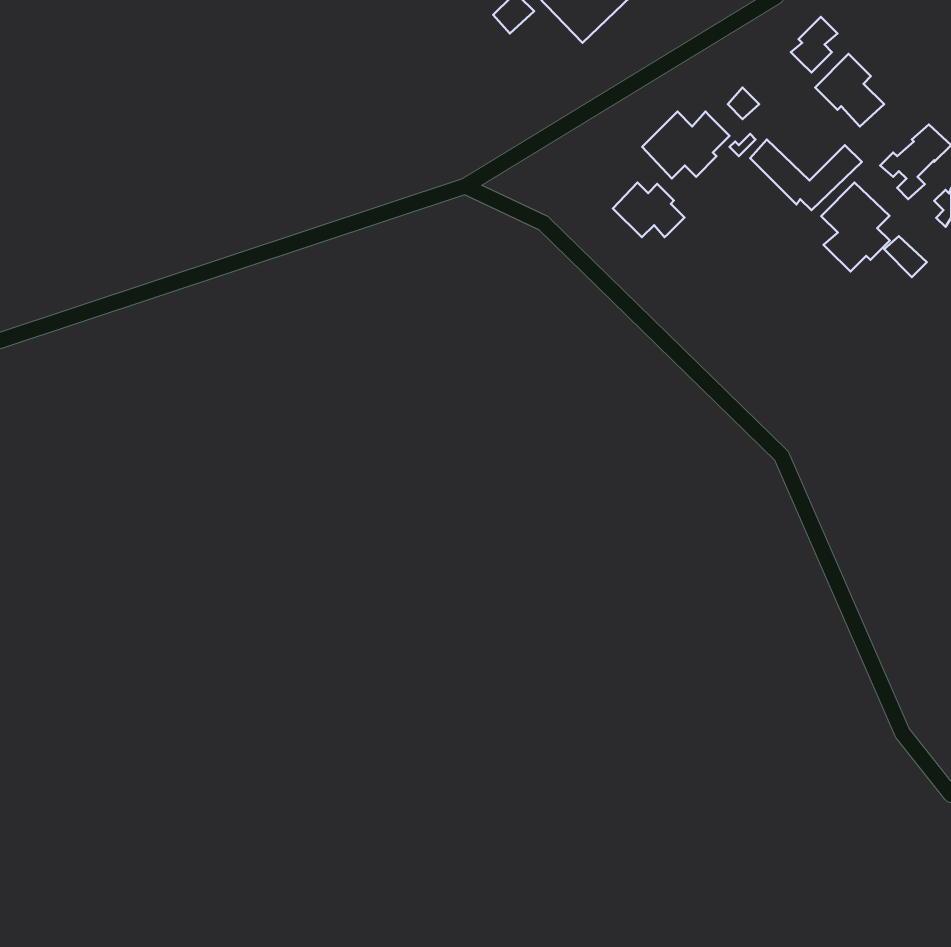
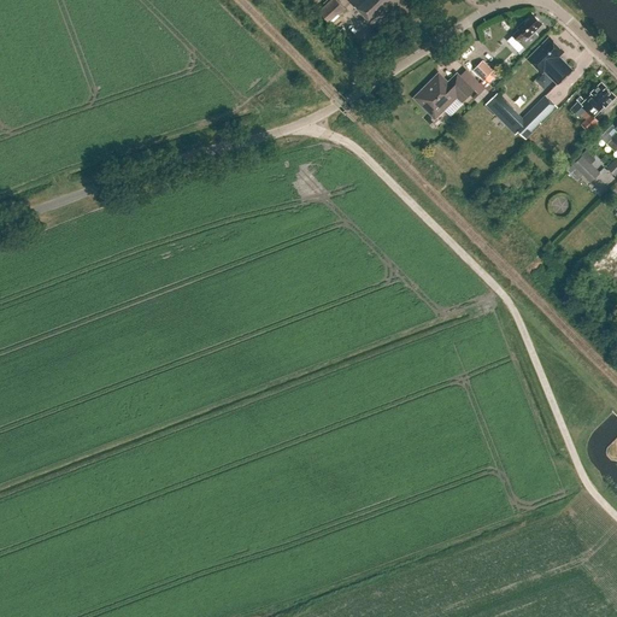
building: [613,183,684,237] -> none
building: [821,183,890,272] -> none

